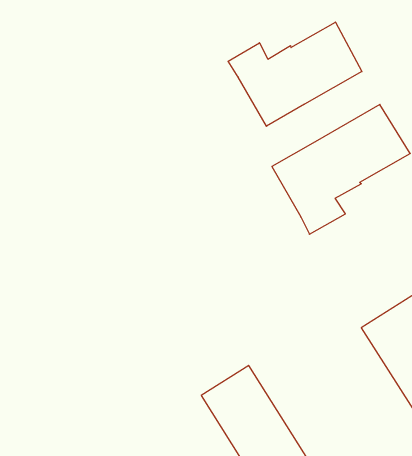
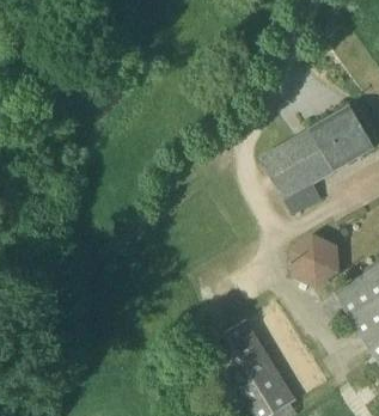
building: [228,22,362,126] -> none
building: none -> [286,228,344,289]

